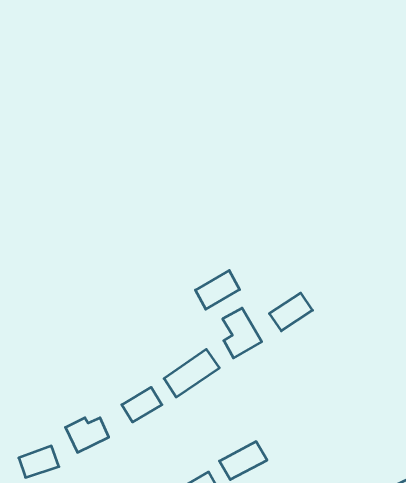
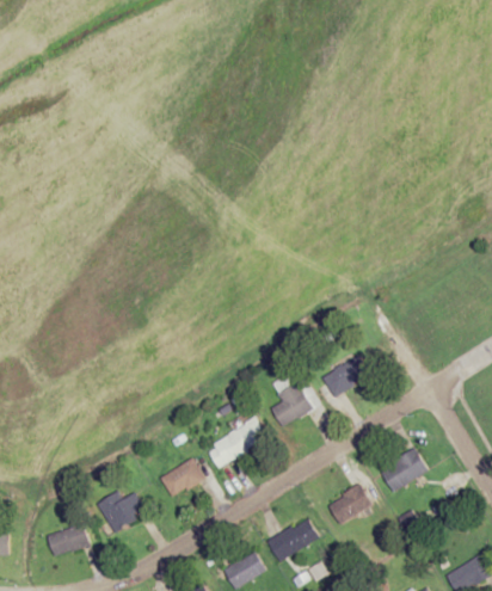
building: [195,270,240,309] -> none
building: none -> [380,448,428,491]
building: none -> [326,484,371,524]

